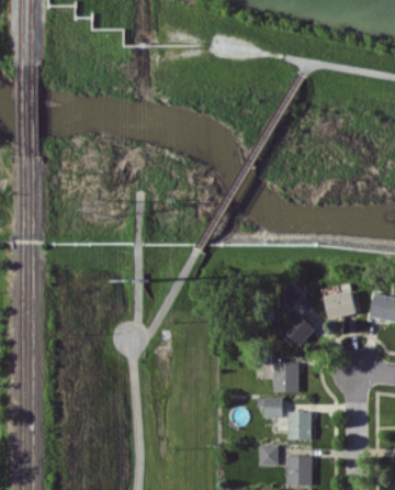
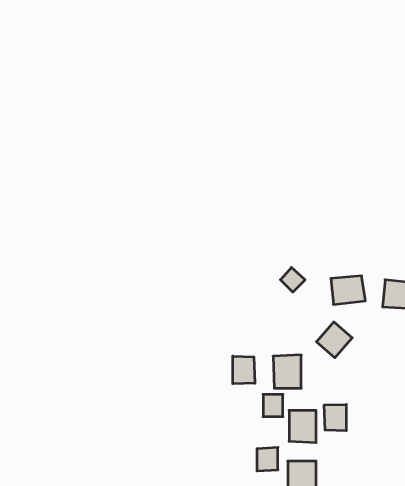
building: [283,313,315,345] -> [316,322,352,358]
building: none -> [233,356,255,384]
building: none -> [324,404,346,431]

